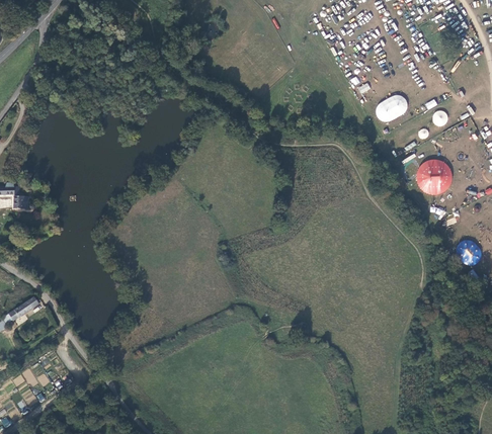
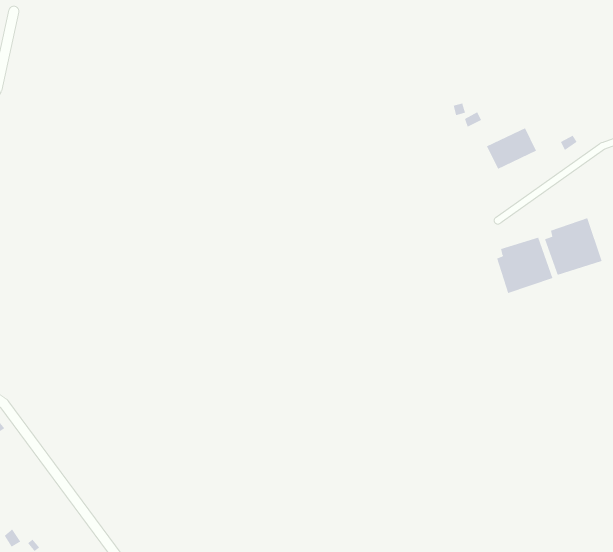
building: none -> [497,237,553,294]

